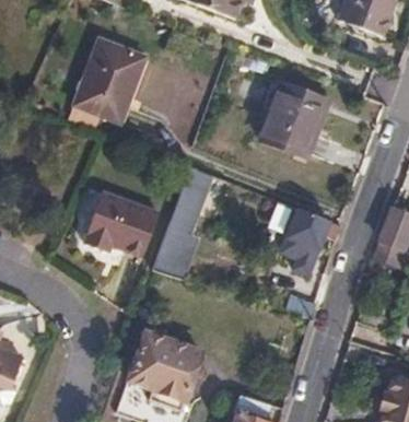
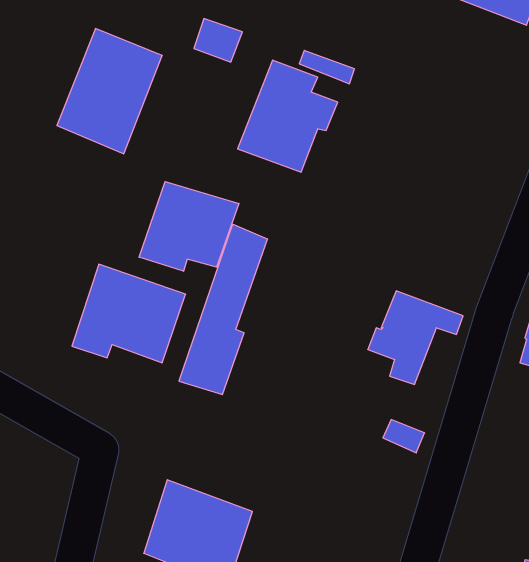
building: [257,83,323,156] -> [238,60,338,172]
building: none -> [139,182,239,271]

